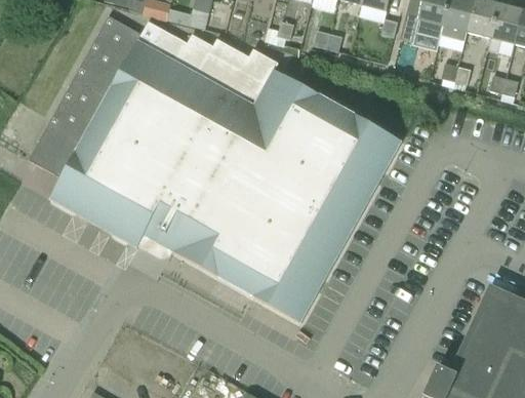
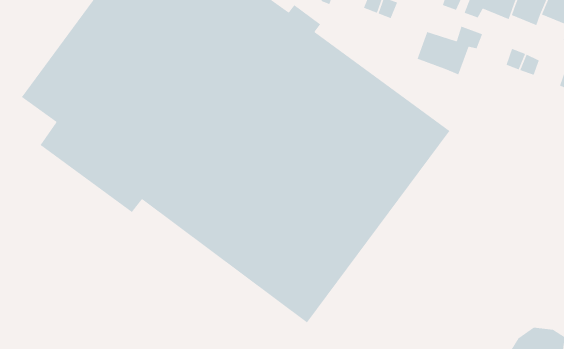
building: none -> [417,26,483,75]

